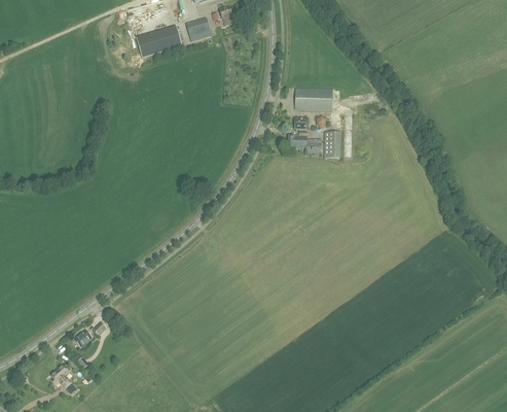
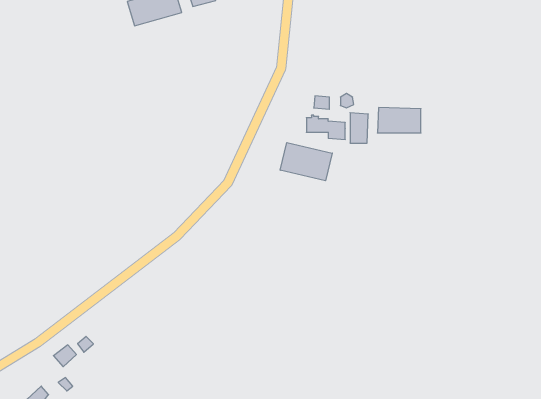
building: [294,87,331,108] -> [377,108,421,133]
building: none -> [280,143,332,181]

